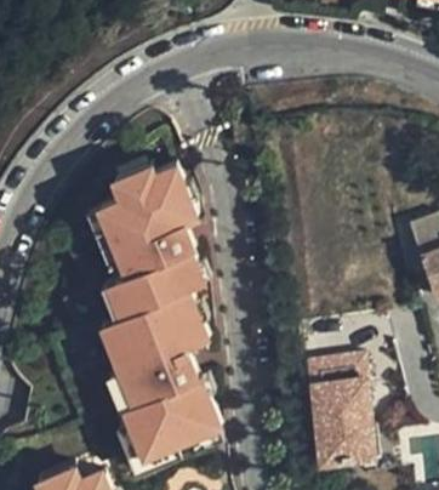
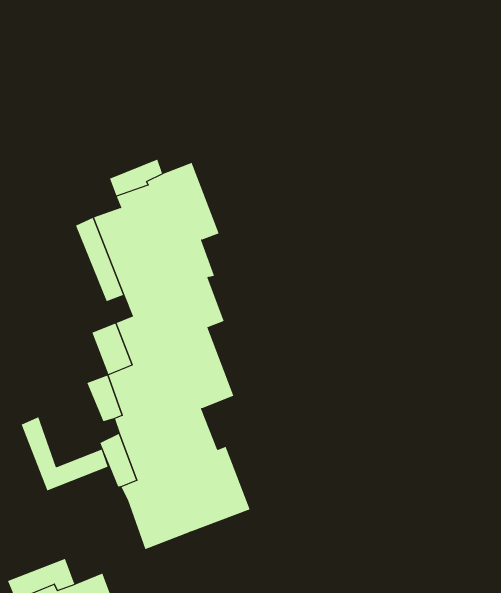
building: [306,352,377,463] -> none
building: [114,414,179,469] -> [21,417,109,491]

